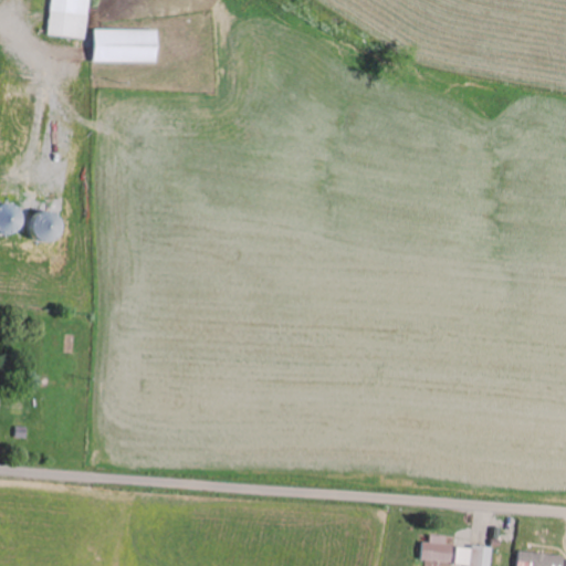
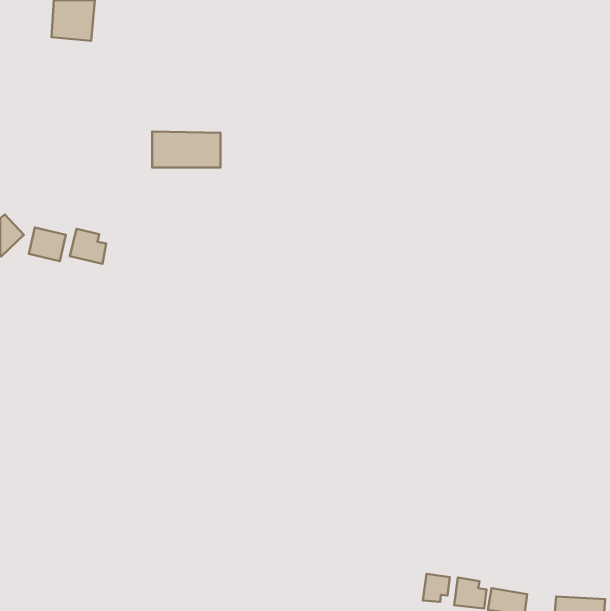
building: [94,29,157,62] -> [152,132,221,167]
building: none -> [70,229,106,264]
building: none -> [423,574,450,602]

